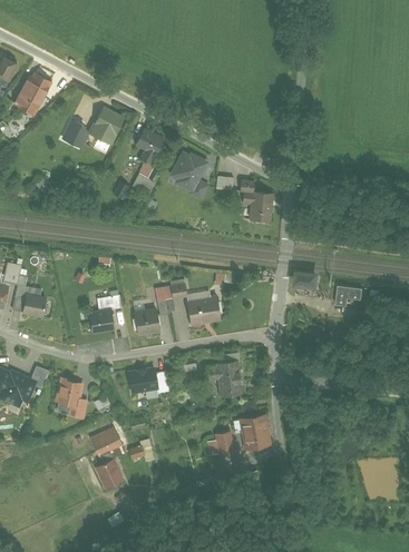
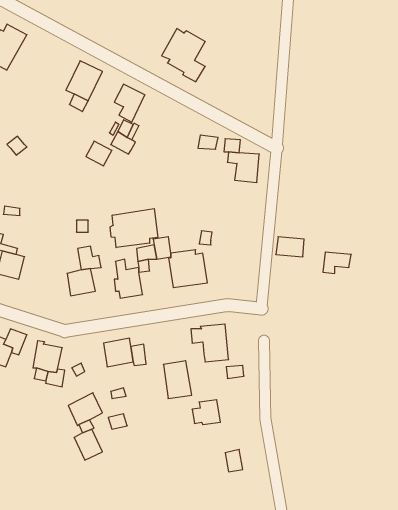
building: [59,121,87,151] -> none
building: [166,151,207,201] -> [162,29,205,82]
building: none -> [110,209,158,248]
building: [240,411,266,446] -> [163,361,192,399]

